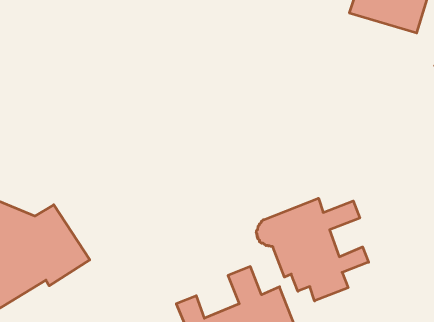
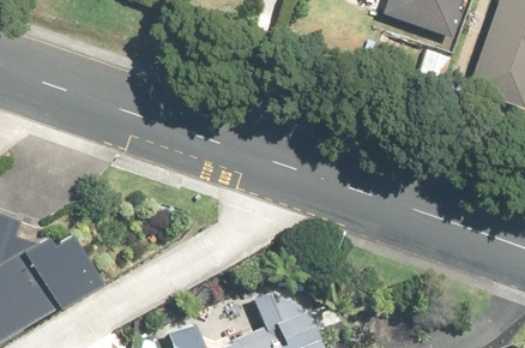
building: [256,198,369,301] -> none

